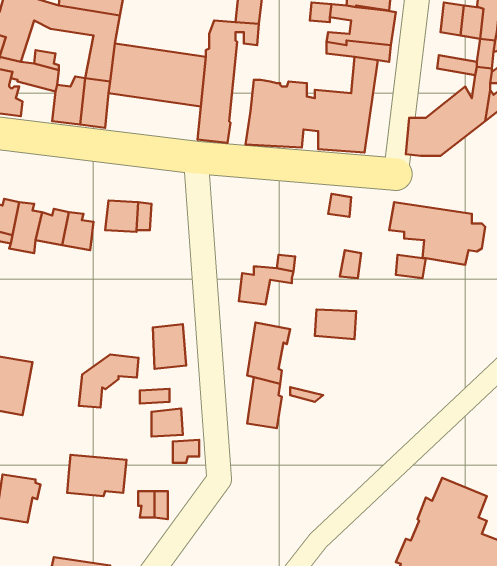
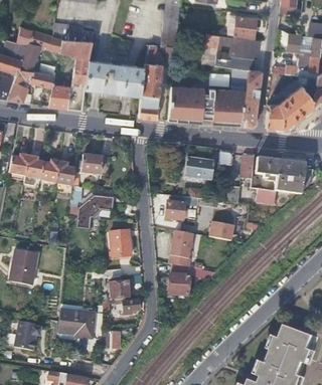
building: none -> [239,69,262,127]
building: none -> [238,154,261,188]
building: none -> [184,157,212,180]
building: [79,355,138,407] -> [76,196,113,228]

